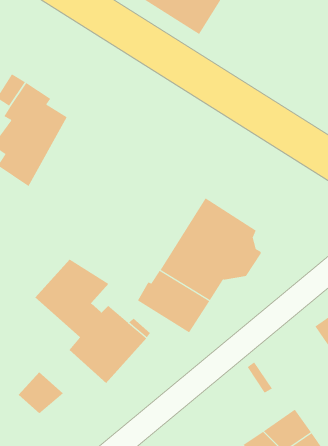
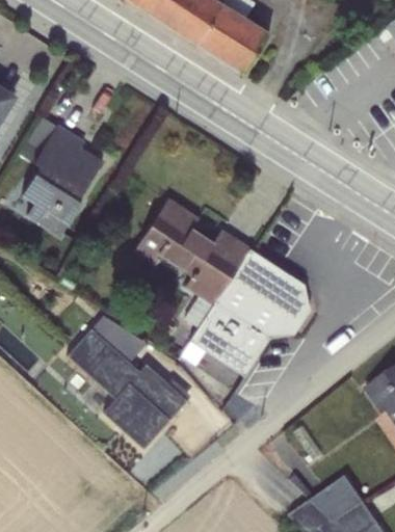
building: none -> [133,198,249,327]
building: [18,371,64,414] -> none

